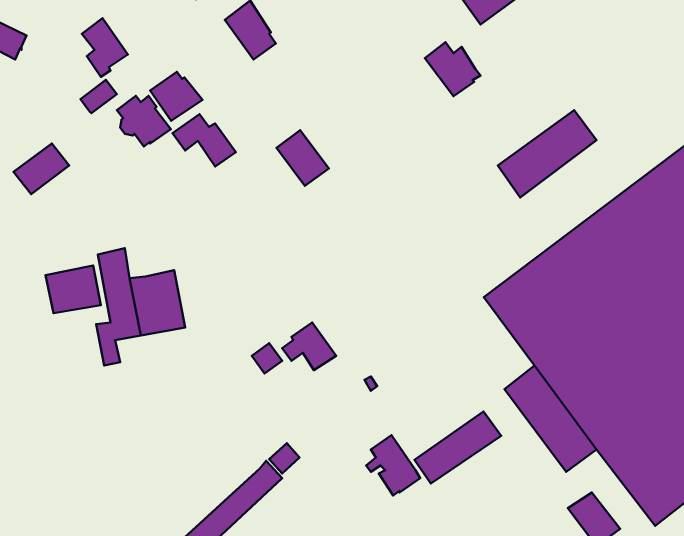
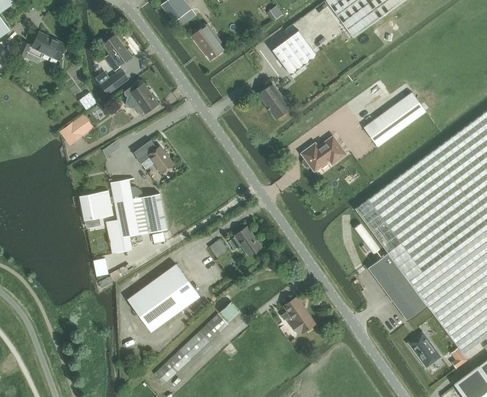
building: [425,42,480,96] -> [273,40,308,74]
building: [150,72,203,121] -> none
building: [172,114,236,166] -> [134,140,174,173]
building: [276,130,329,186] -> [258,84,291,119]
building: none -> [302,136,346,171]
building: none -> [127,264,200,333]
building: [414,412,501,484] -> none

